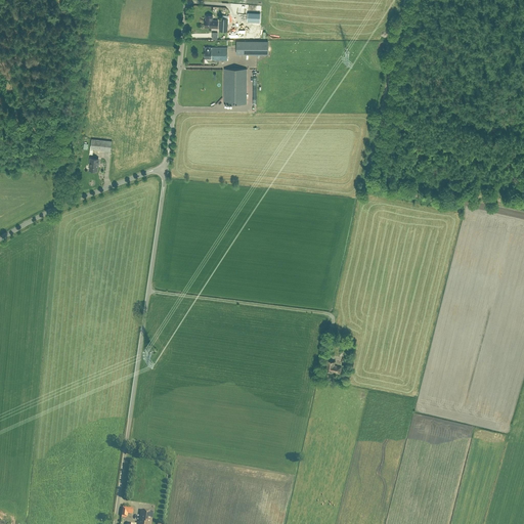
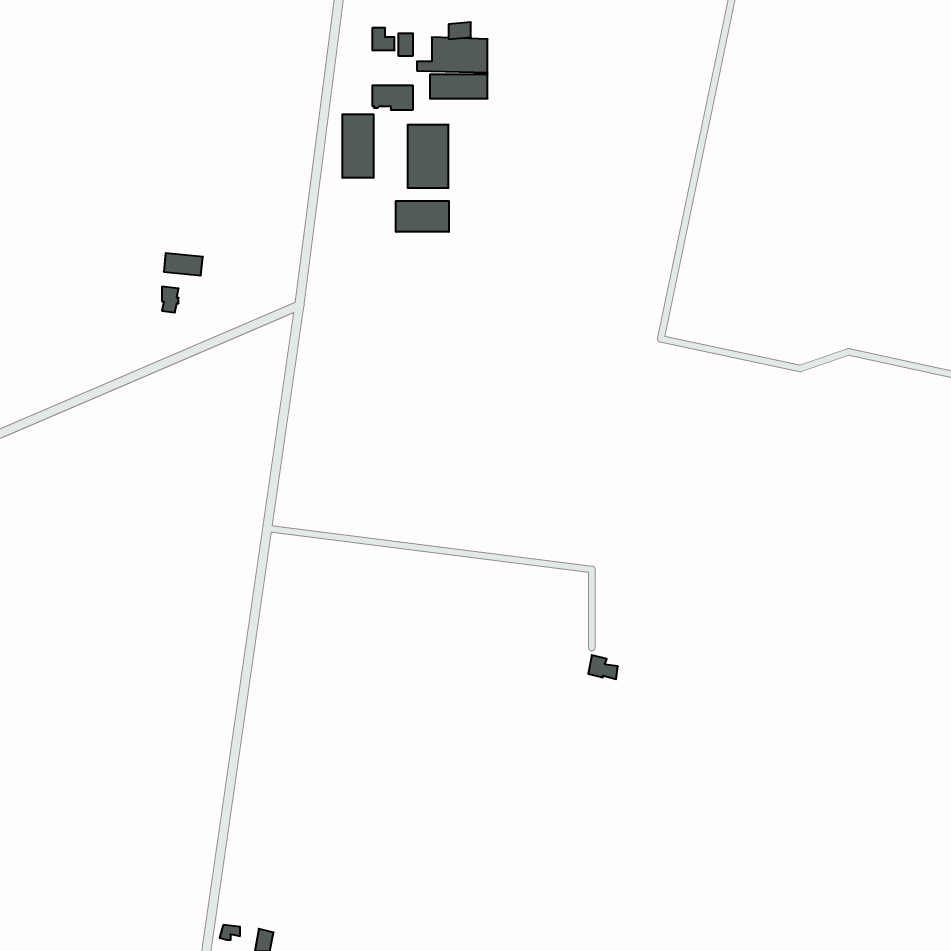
building: none -> [342,114,374,178]
building: none -> [396,201,449,232]

